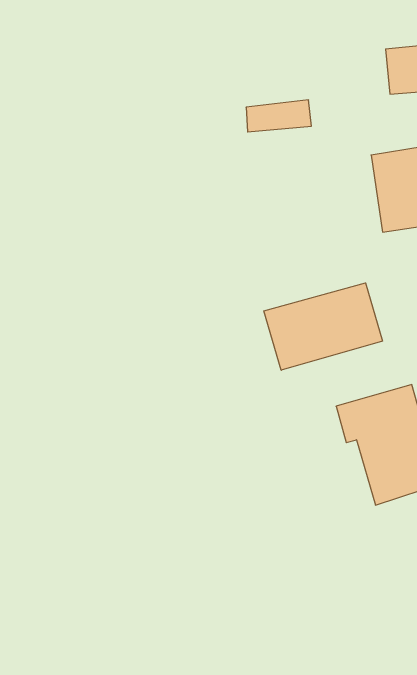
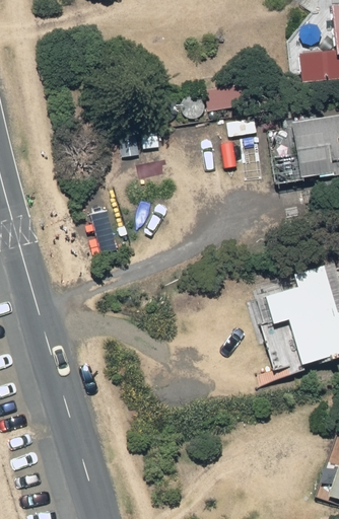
building: [264,283,382,370] -> none

